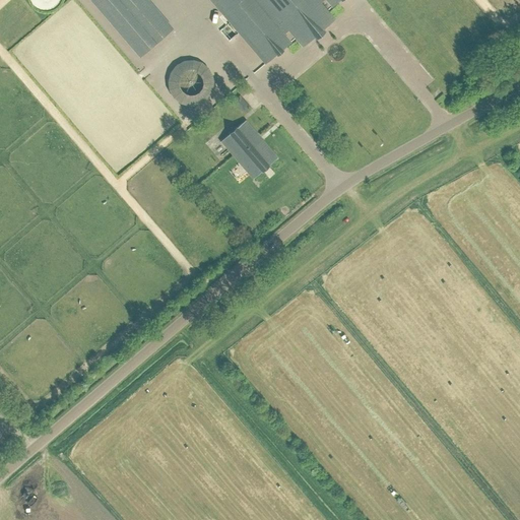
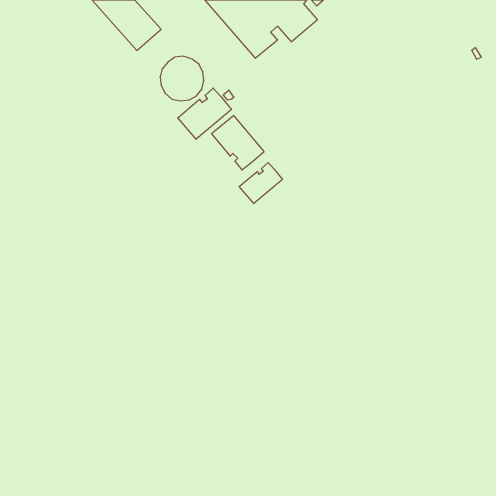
building: none -> [178,88,231,139]
building: none -> [239,163,282,204]

